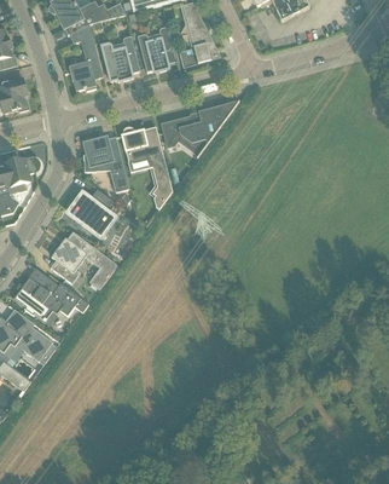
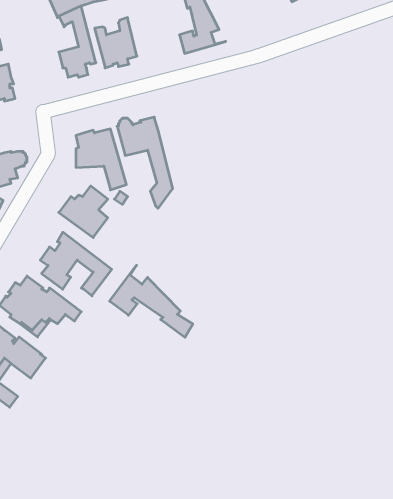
building: [137,25,175,70] -> none
building: [162,99,238,149] -> none
building: none -> [110,265,193,337]

